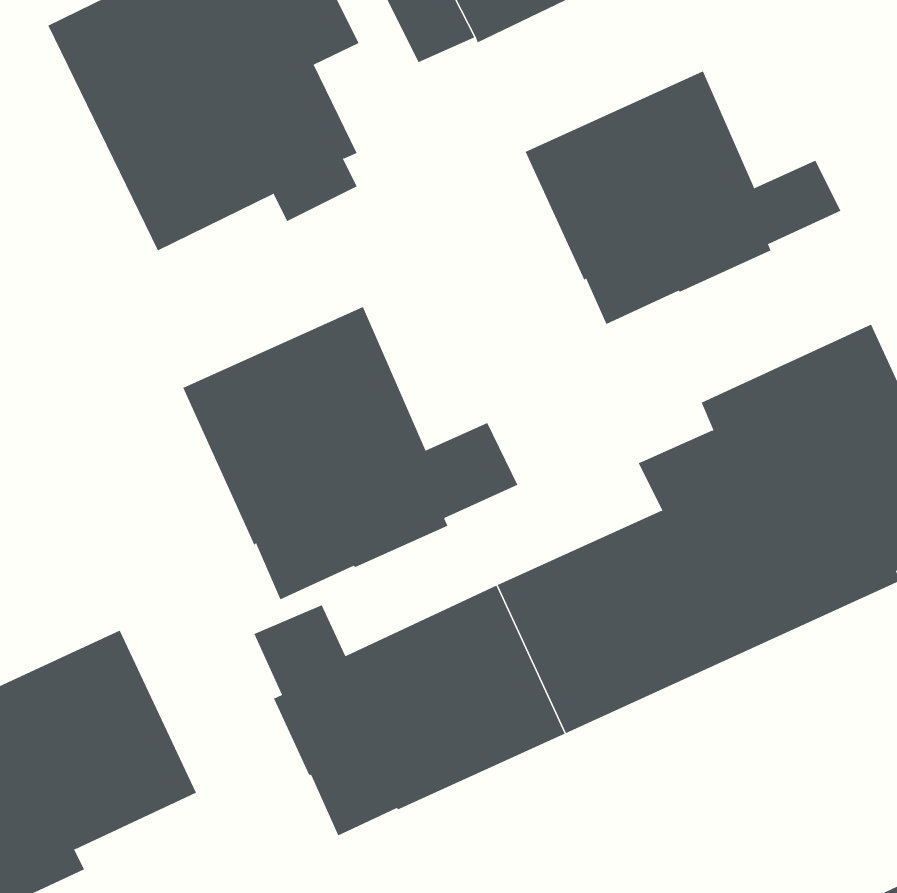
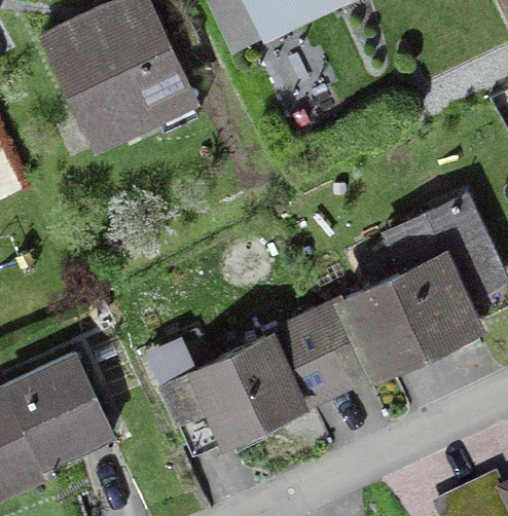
building: [525,70,841,325] -> none
building: [182,306,518,600] -> none

